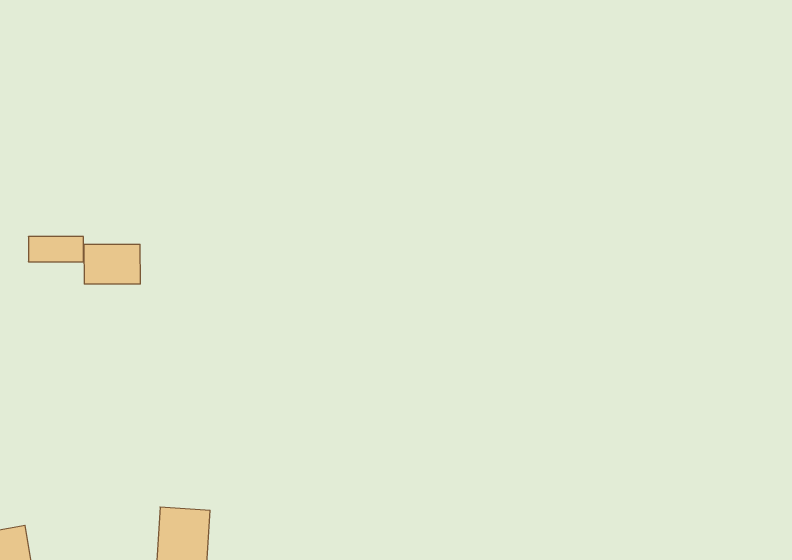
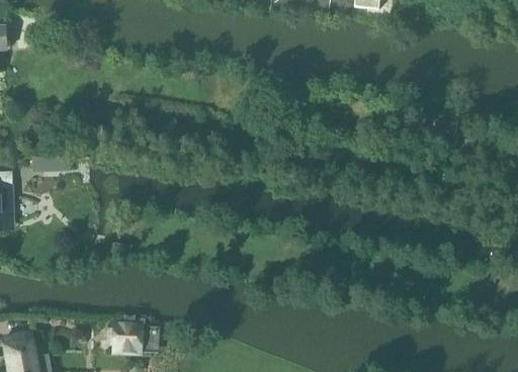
building: [84,244,140,284] -> none

